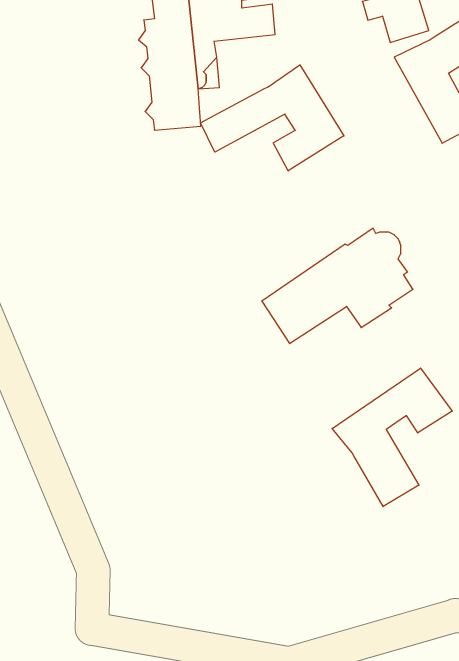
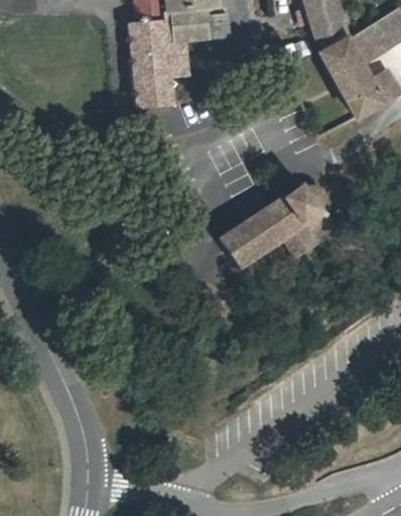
building: [201,65,344,171] -> none
building: [332,368,452,507] -> none

